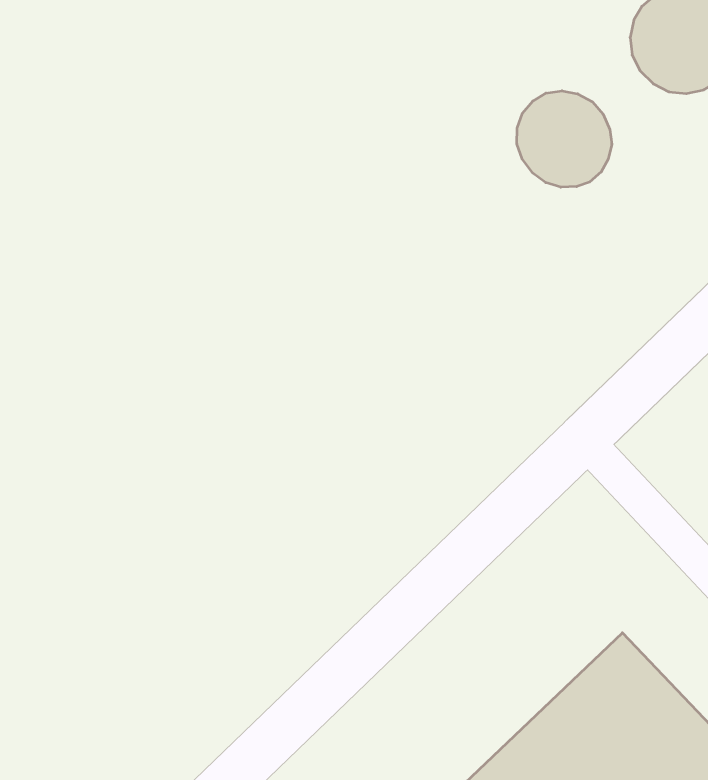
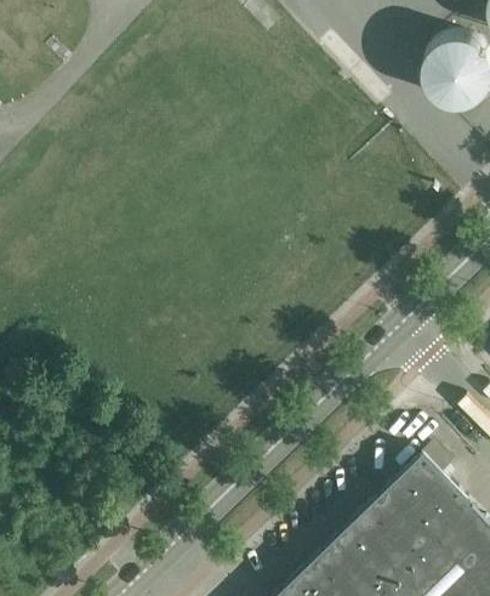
building: [517,91,612,187] -> none

